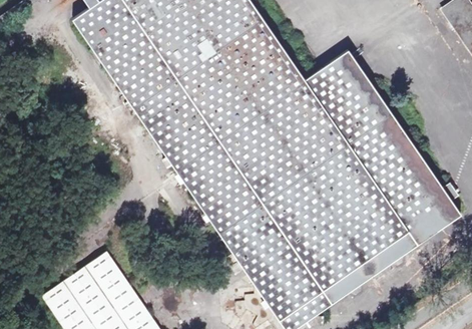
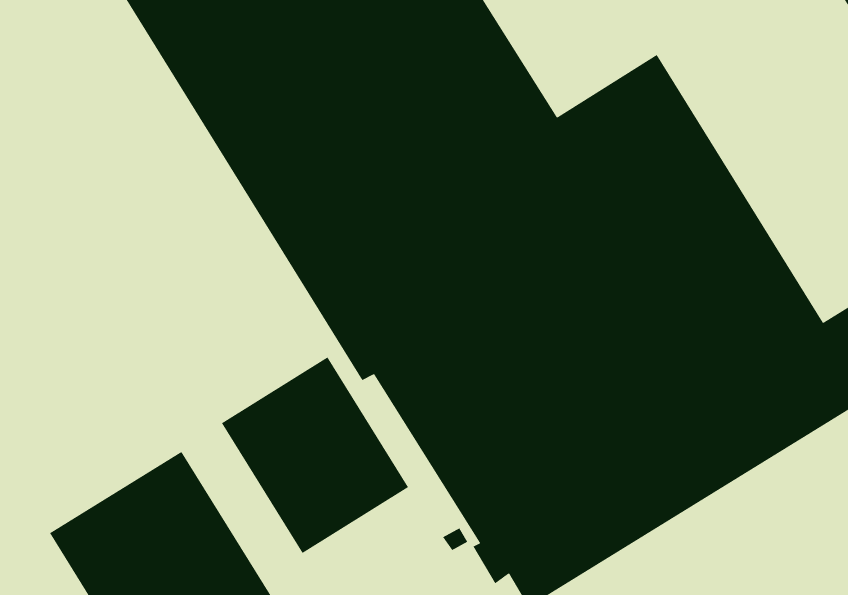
building: none -> [221,356,409,554]

